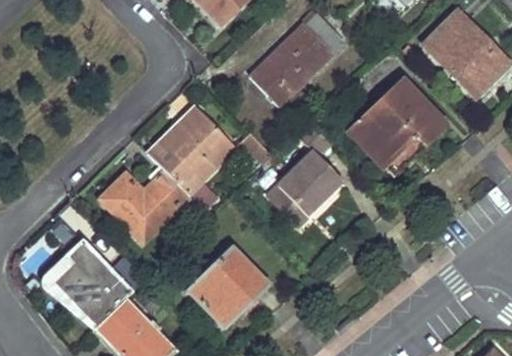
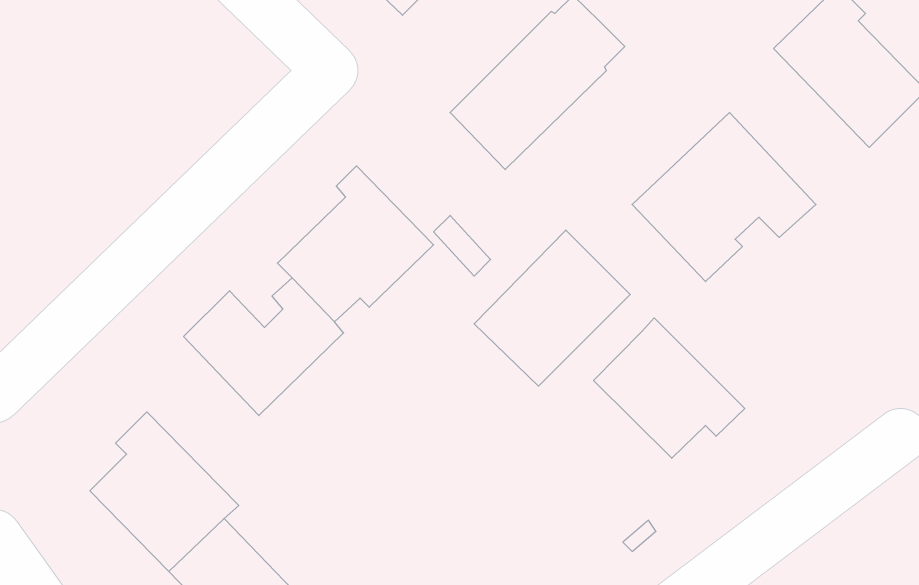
building: none -> [594,318,745,458]
building: [187,245,269,326] -> none

